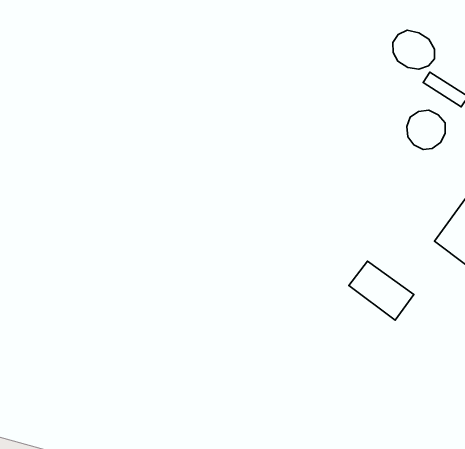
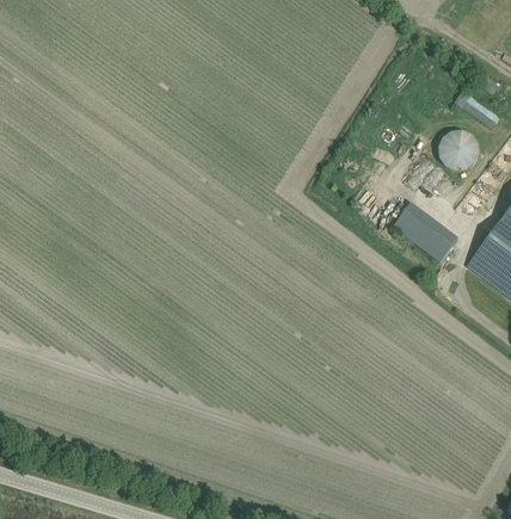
building: [393,30,435,69] -> none
building: [349,261,414,320] -> [392,199,458,260]

